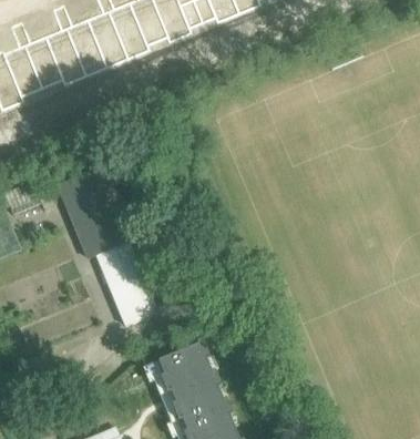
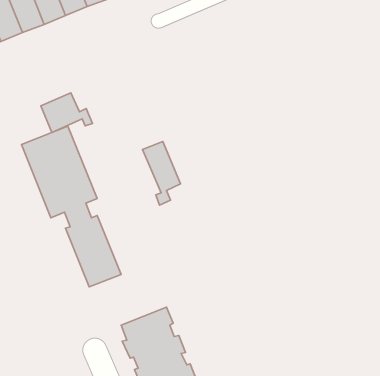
building: none -> [41,93,93,133]
building: none -> [143,141,180,205]

